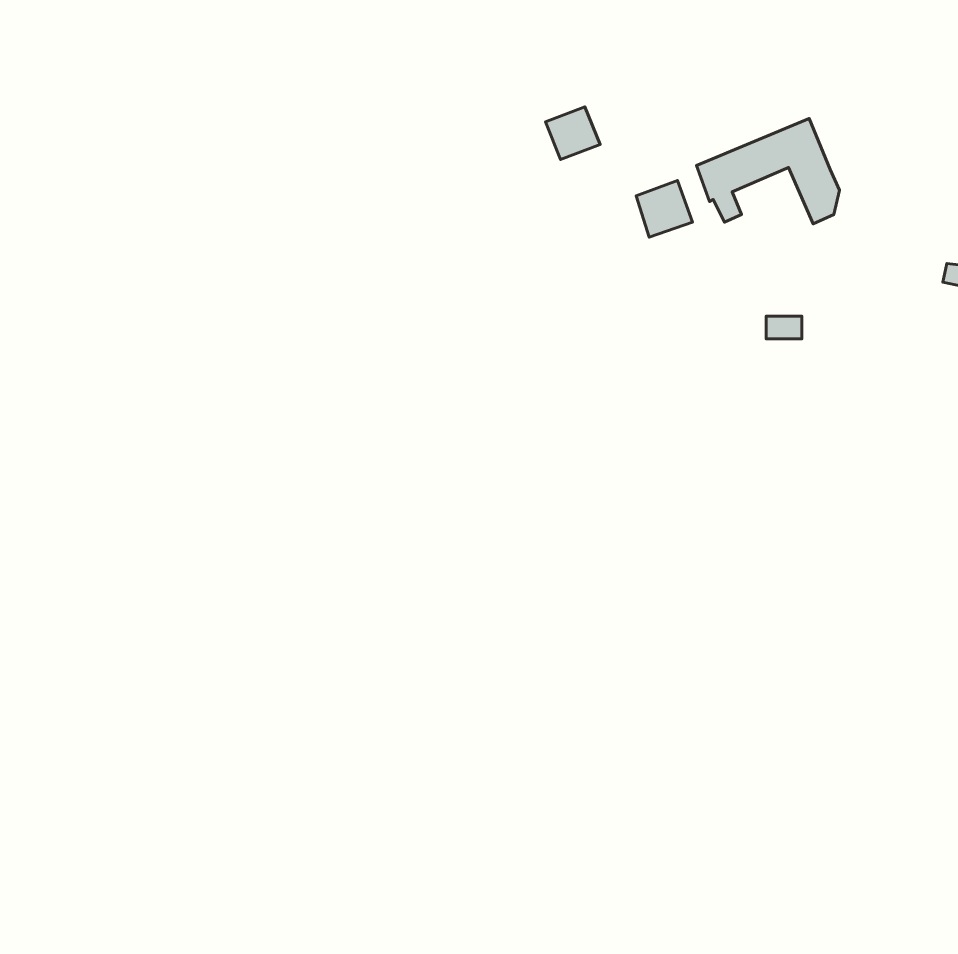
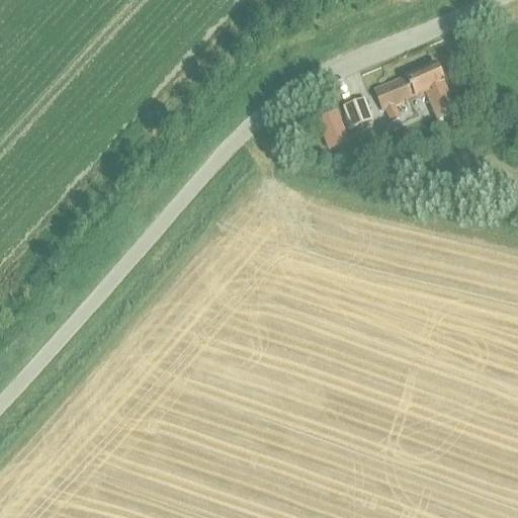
building: [545,107,600,160] -> [317,109,346,138]

